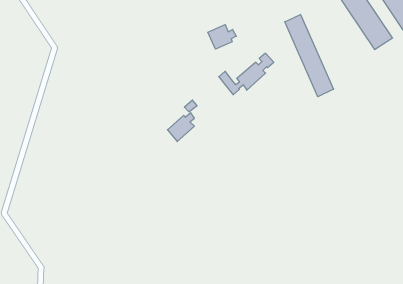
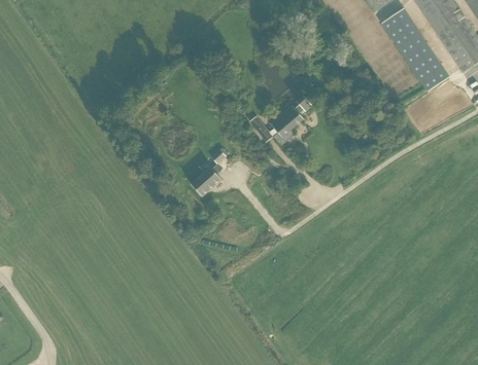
building: [285,14,334,97] -> none
building: [208,25,236,49] -> none

